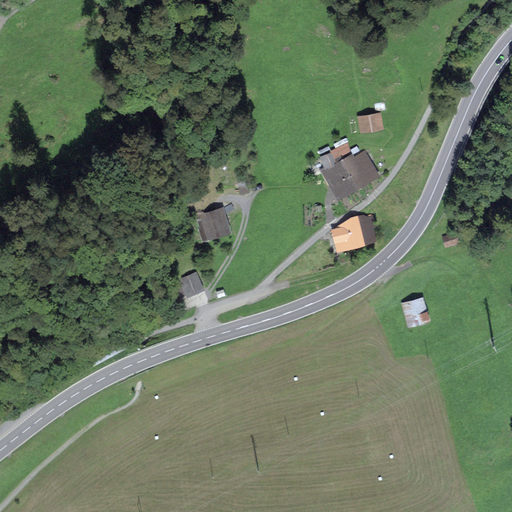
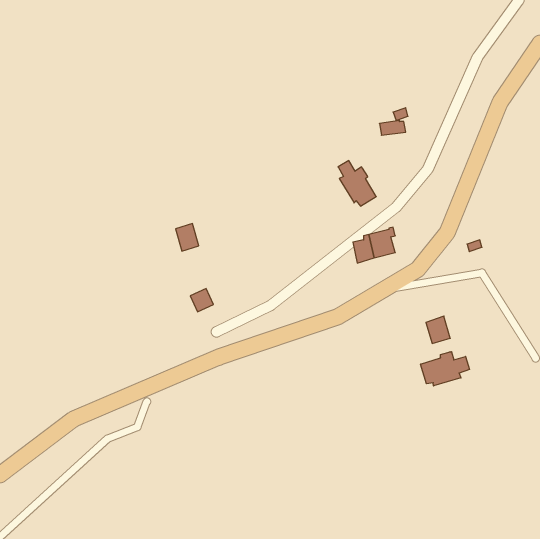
building: [343,156,374,187] -> none
building: [203,211,225,237] -> [176,224,199,251]
building: none -> [421,352,469,386]

